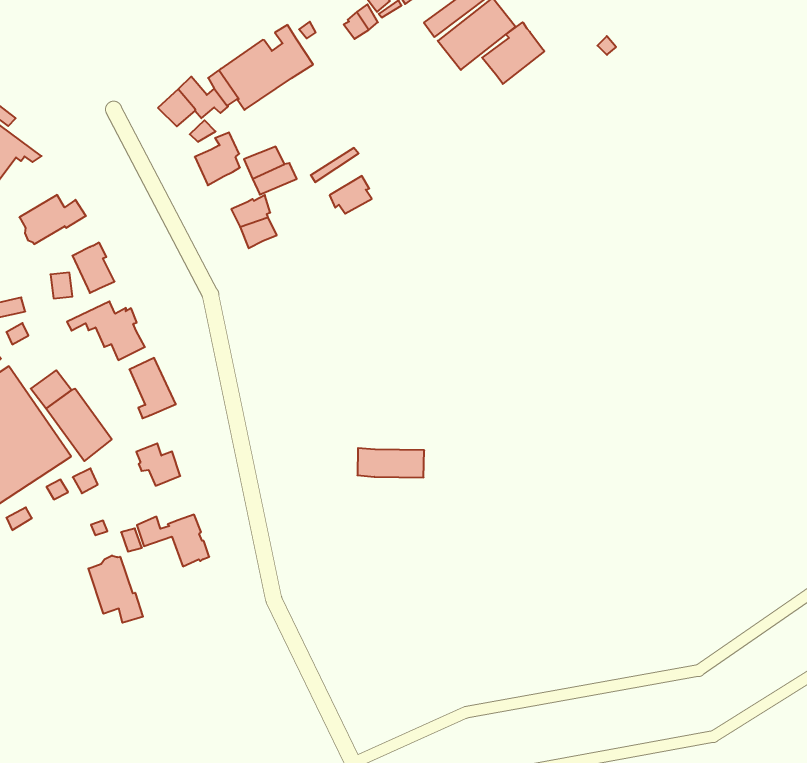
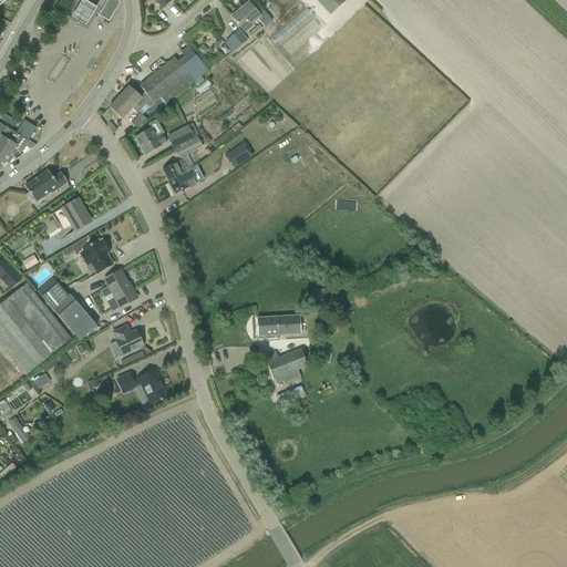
building: [482,22,544,84] -> none
building: none -> [265,349,306,386]
building: [88,555,143,623] -> none

